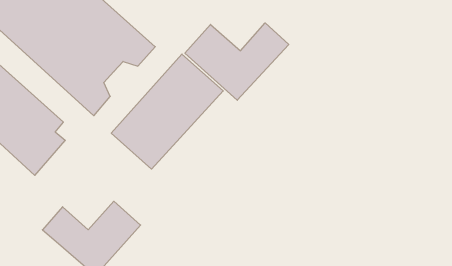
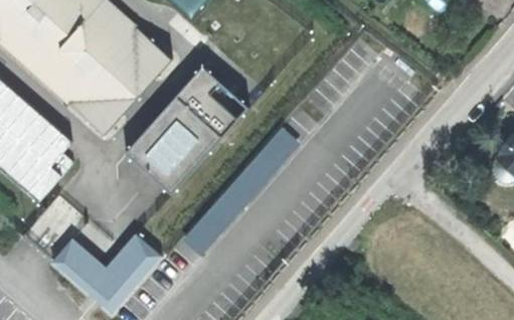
building: [185,23,289,100] -> none

